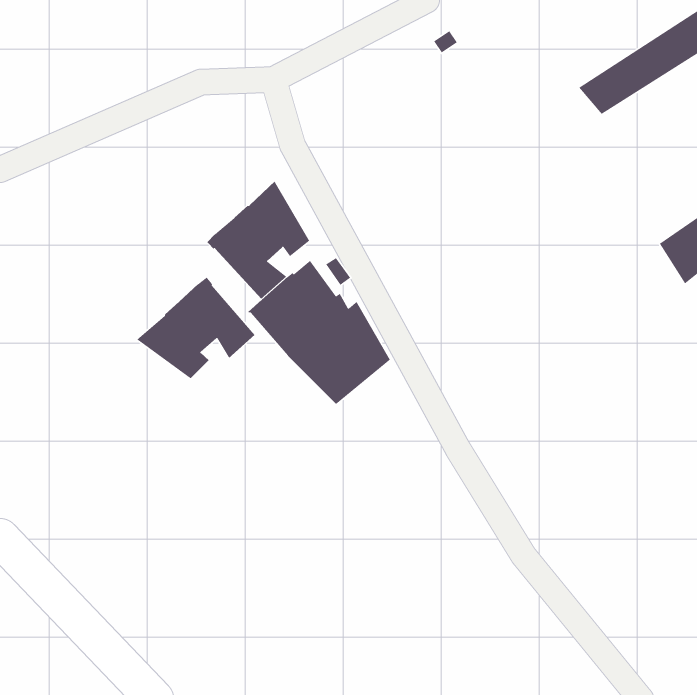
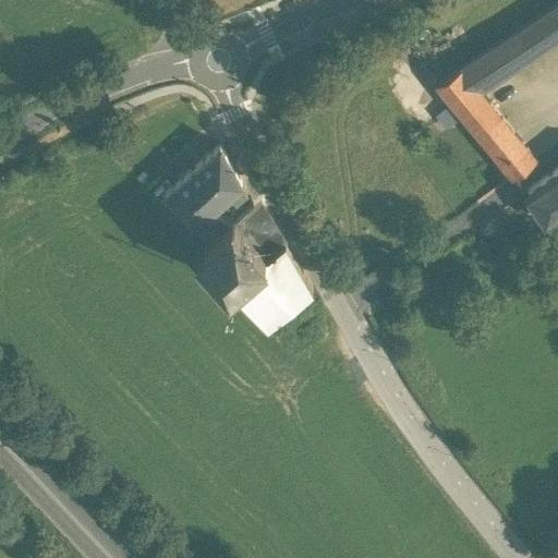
building: none -> [437,73,537,183]
building: [136,276,256,379] -> none

